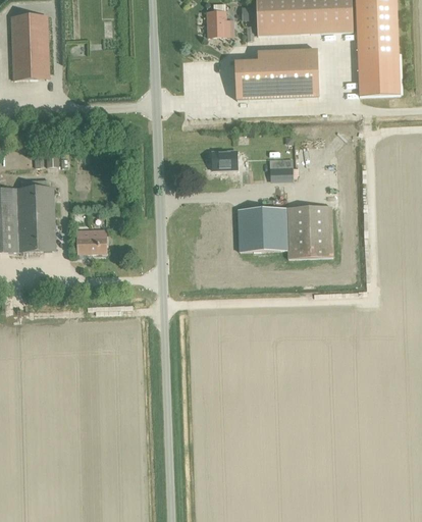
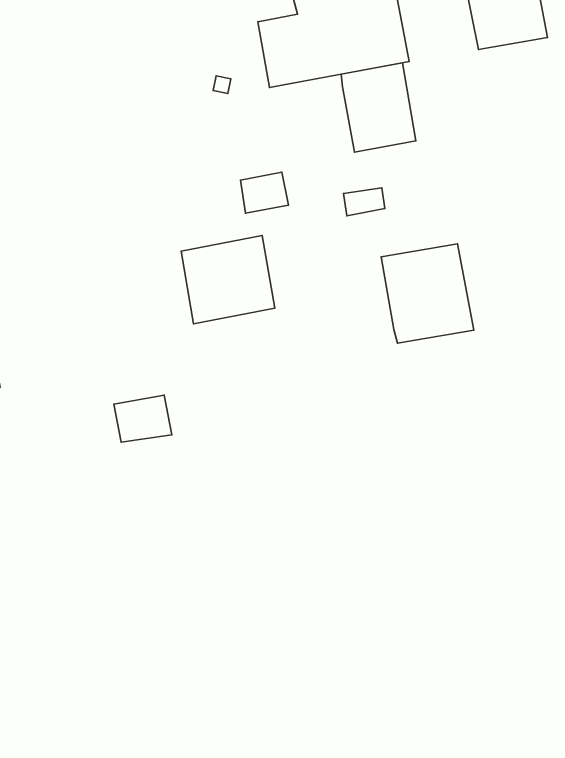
building: none -> [341,63,416,152]
building: [239,206,287,251] -> [181,236,275,324]
building: [76,228,107,252] -> [114,395,172,442]

